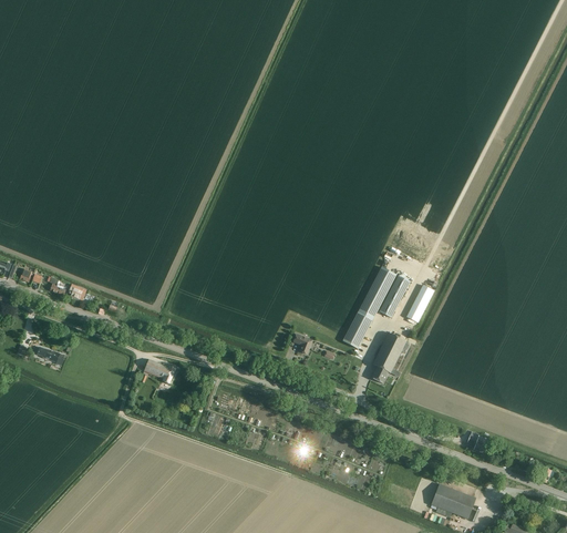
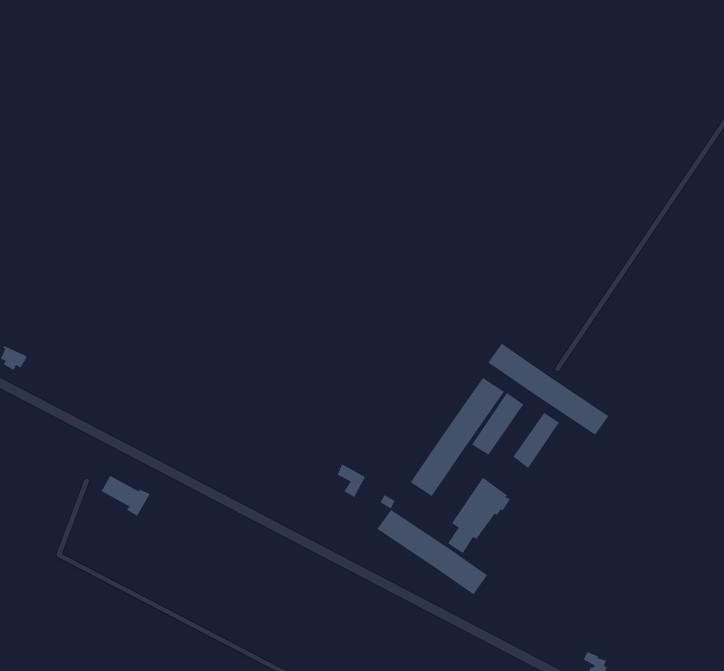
building: none -> [488,343,609,436]
building: none -> [377,509,488,595]

